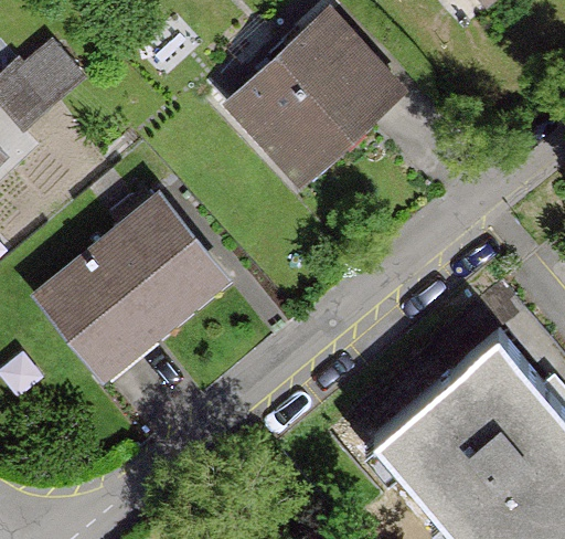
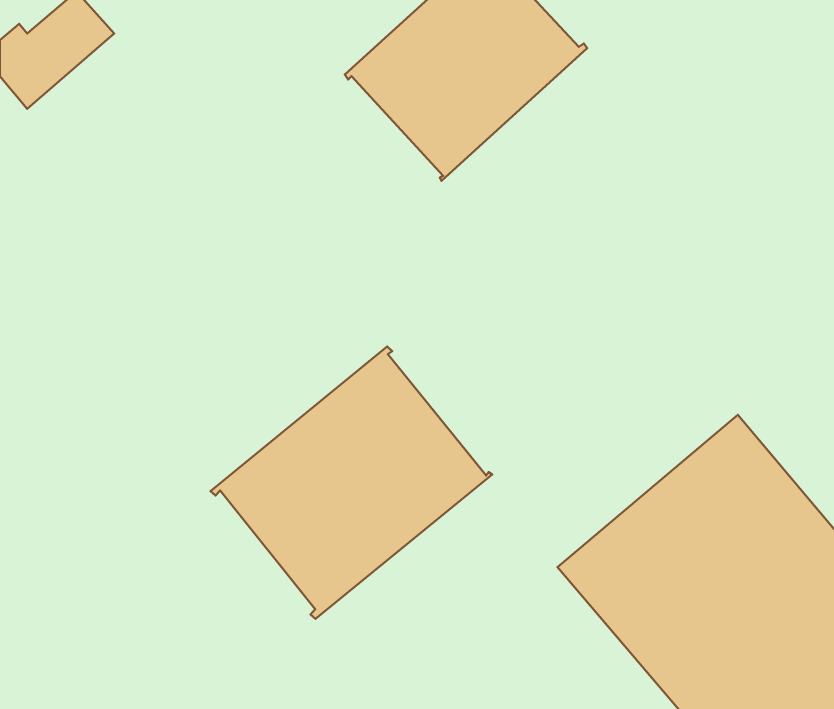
building: [39,199,223,368] -> none
building: none -> [211,347,492,619]

